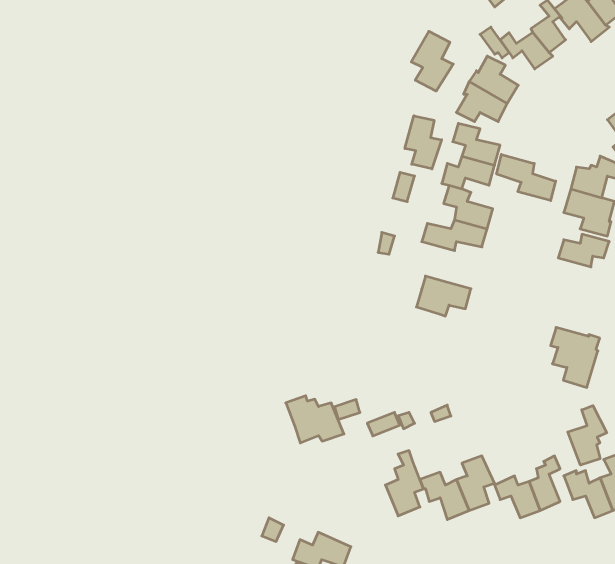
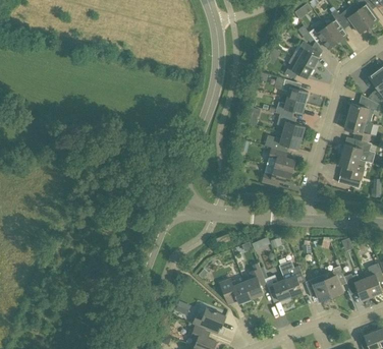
building: [411,31,453,91] -> none
building: [405,116,442,169] -> none
building: [497,154,556,201] -> none
building: none -> [267,148,295,172]
building: [551,327,600,387] -> [338,155,366,188]
building: [286,396,344,443] -> [219,278,252,304]
building: [568,406,607,465] -> none

